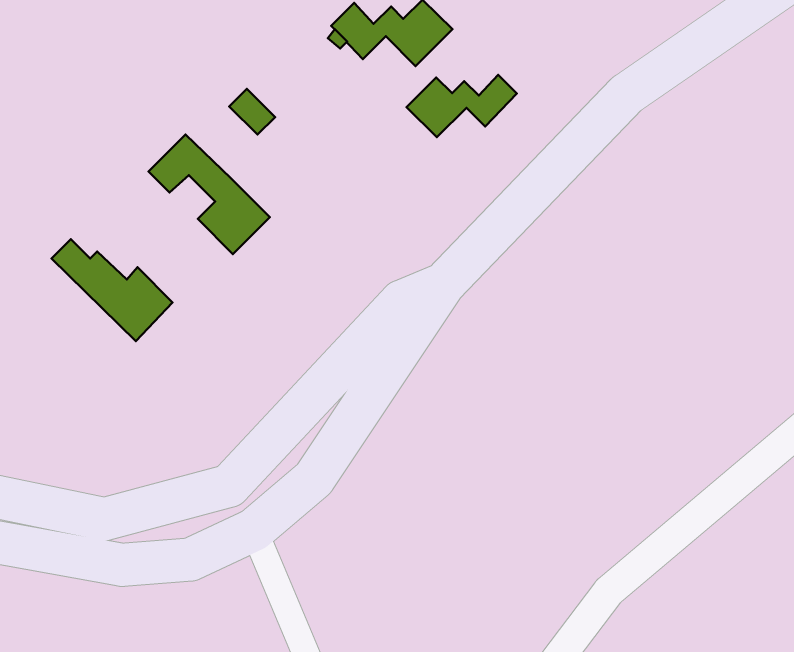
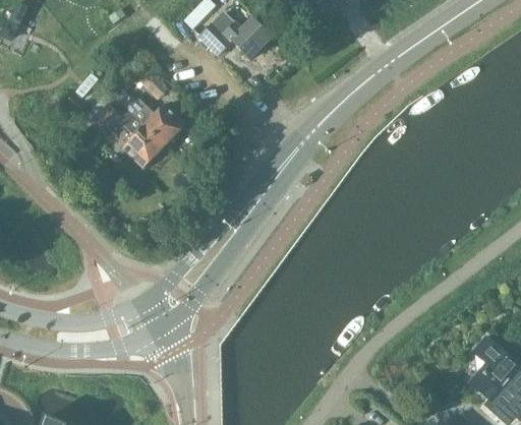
building: [407,75,517,137] -> none
building: [51,239,173,341] -> [116,87,186,146]

